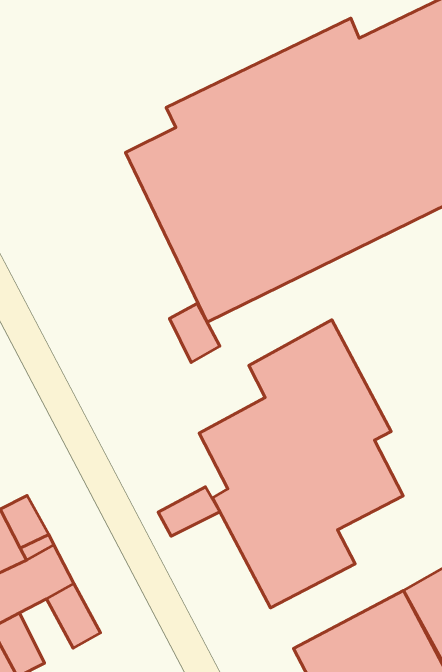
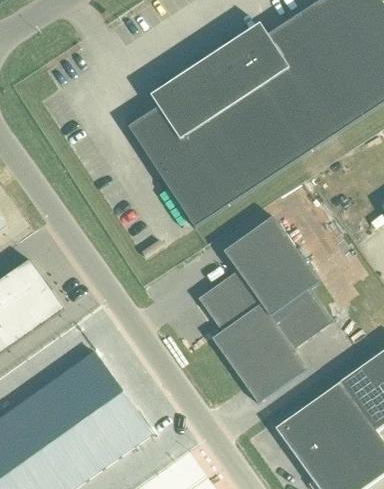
building: [170,304,220,363] -> none
building: [158,487,220,536] -> none
building: none -> [99,416,136,457]

